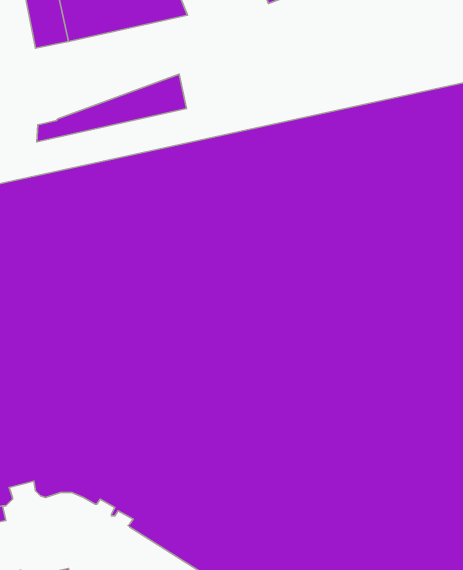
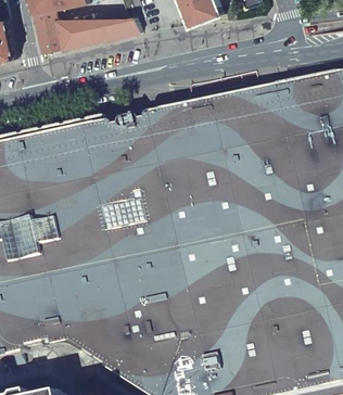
building: [37,74,187,142] -> none

